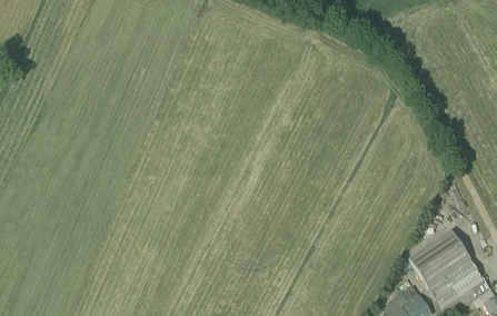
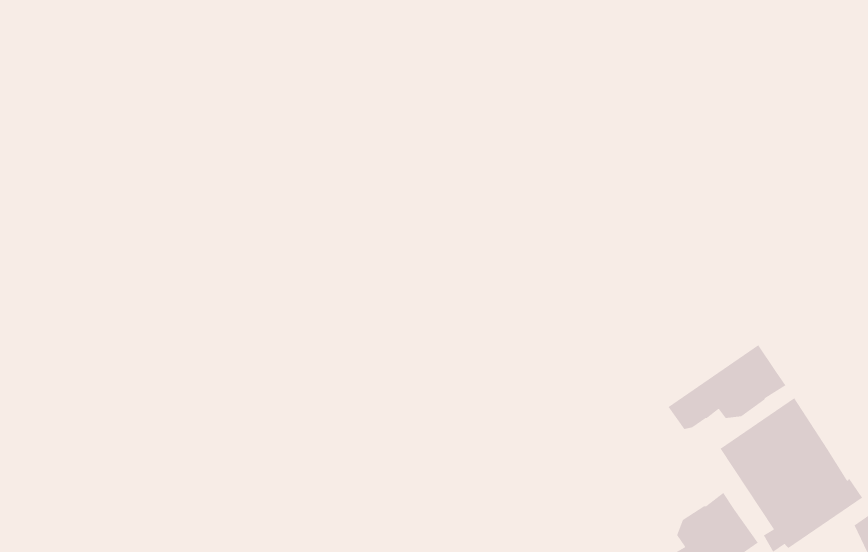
building: none -> [667,344,787,430]

